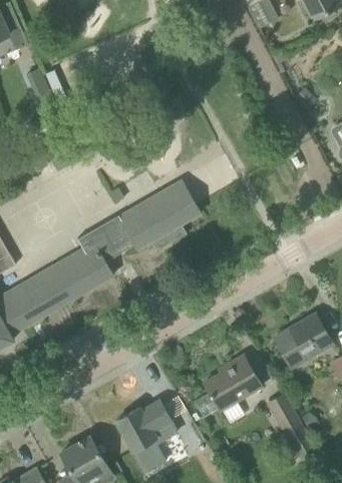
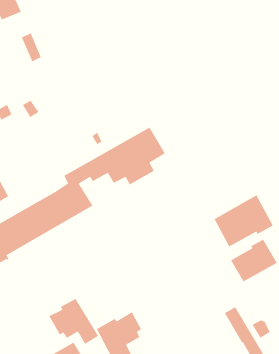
building: none -> [213,194,274,250]
building: [205,355,260,409] -> none
building: none -> [48,298,99,345]

